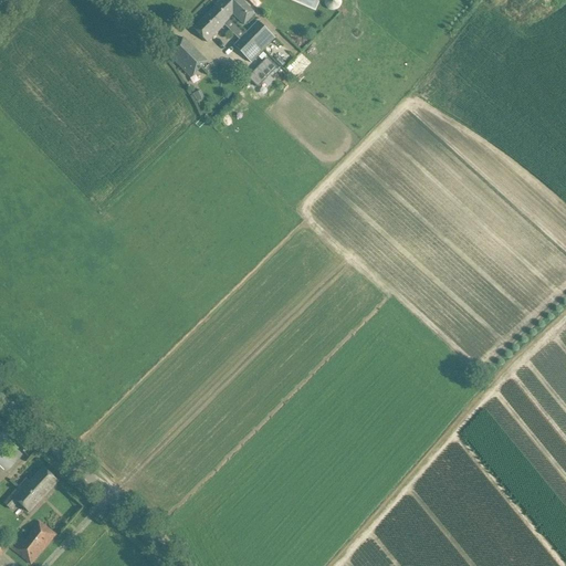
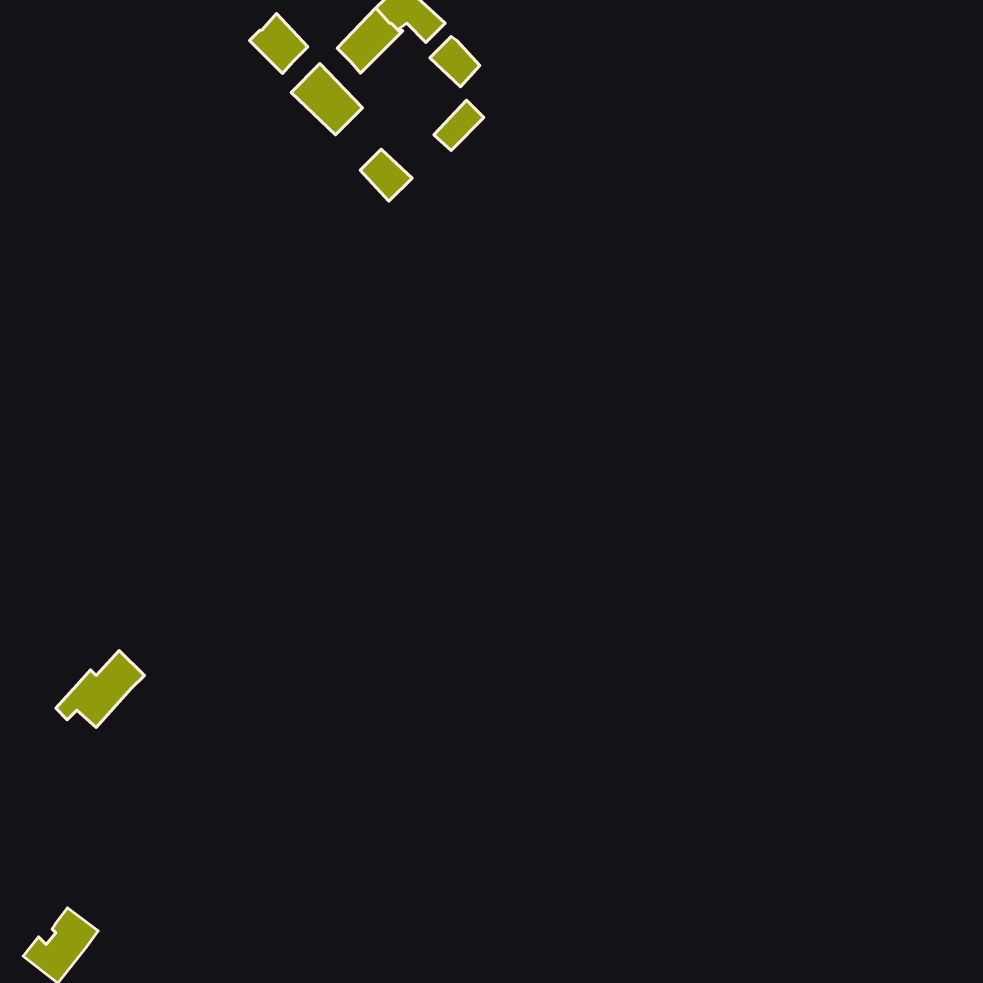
building: none -> [250,14,308,74]
building: [235,33,265,63] -> [360,149,412,201]
building: [8,467,59,511] -> [56,650,144,727]

